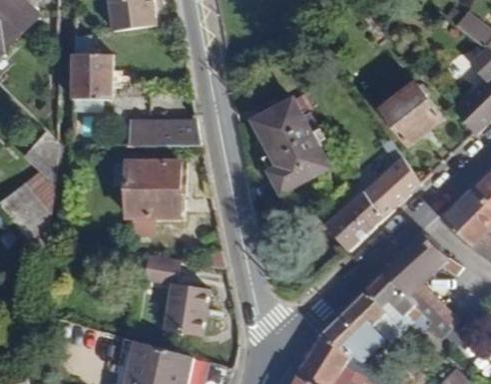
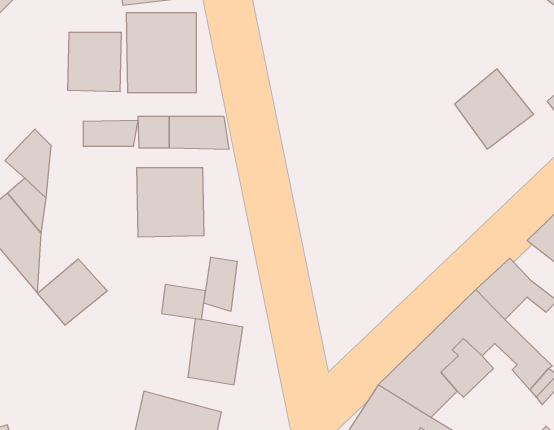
building: none -> [127,13,196,93]
building: [253,97,330,196] -> none
building: none -> [83,120,138,147]
building: [323,156,419,251] -> none
building: none -> [204,257,237,311]
building: none -> [37,259,107,325]

